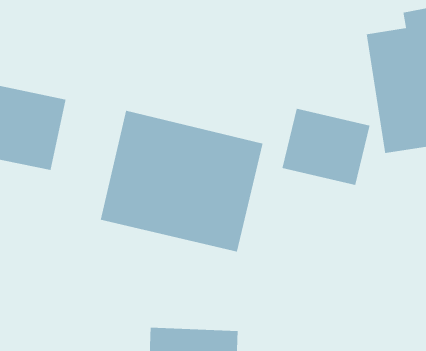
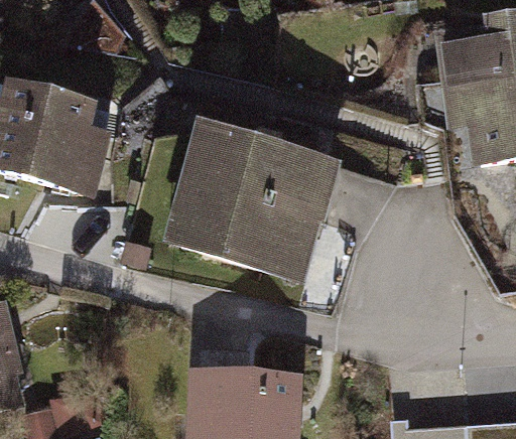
building: [282,108,371,186] -> none

